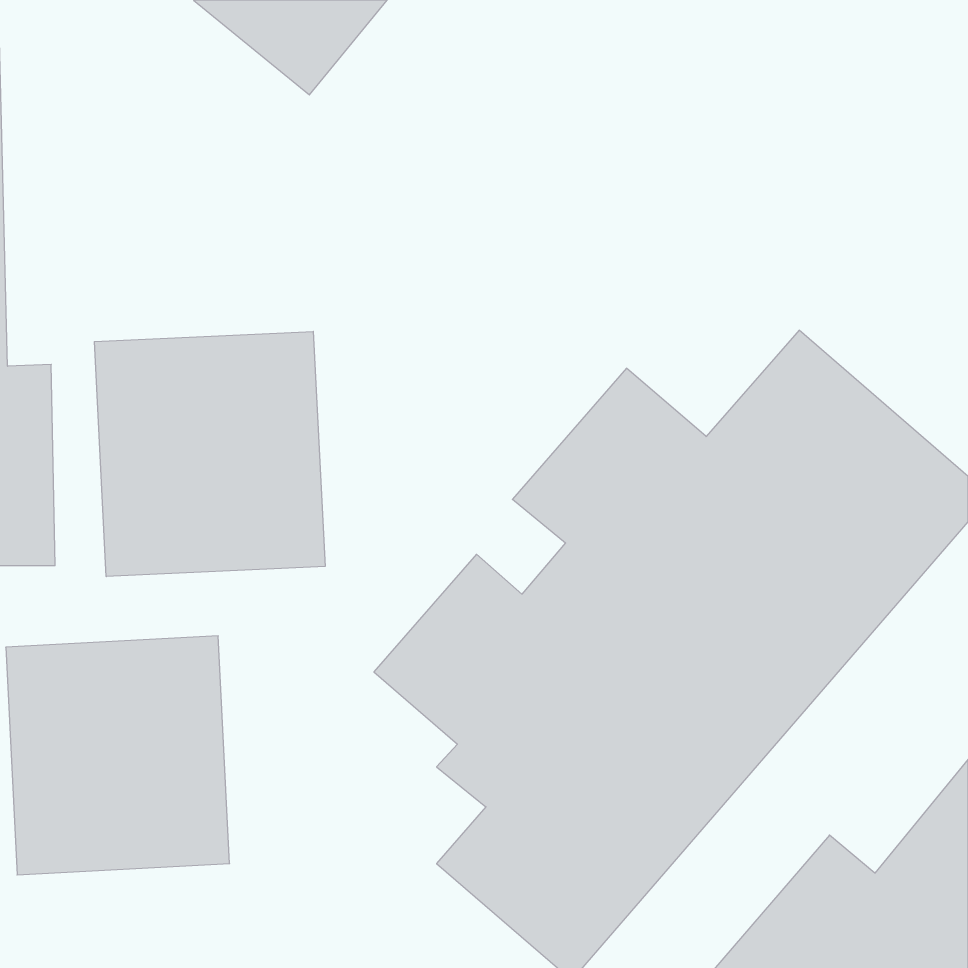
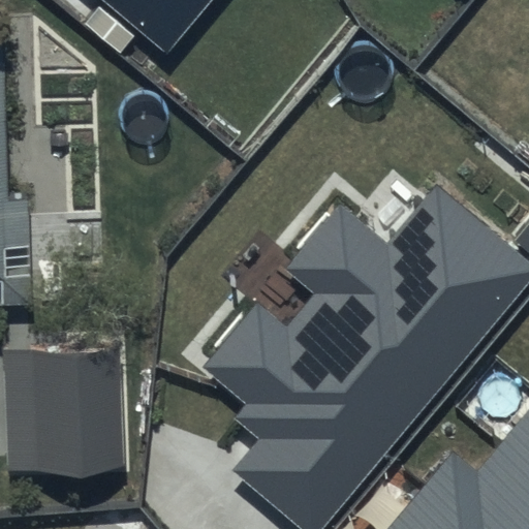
building: [94,331,325,577] -> none

